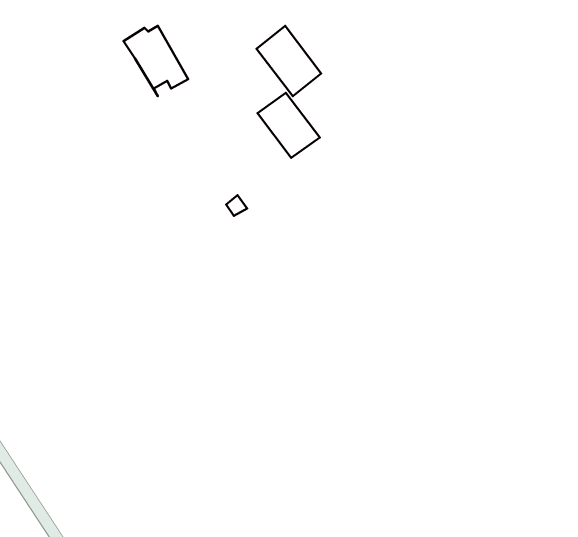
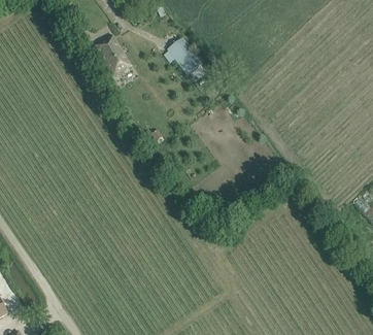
building: [257,93,320,158] -> none

